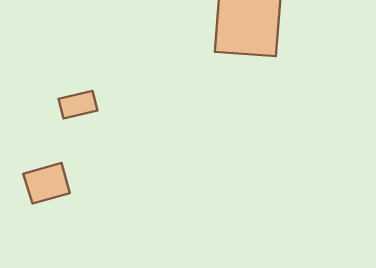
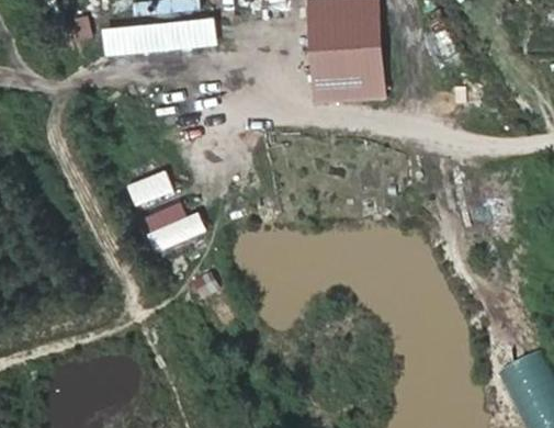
building: [23,163,70,204] -> [147,196,205,249]

